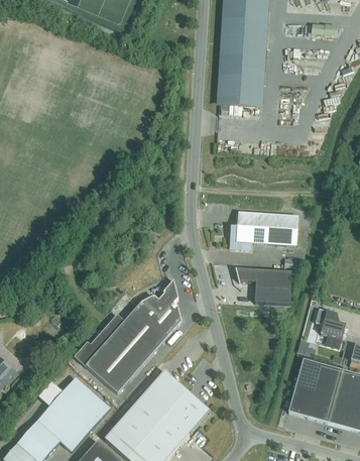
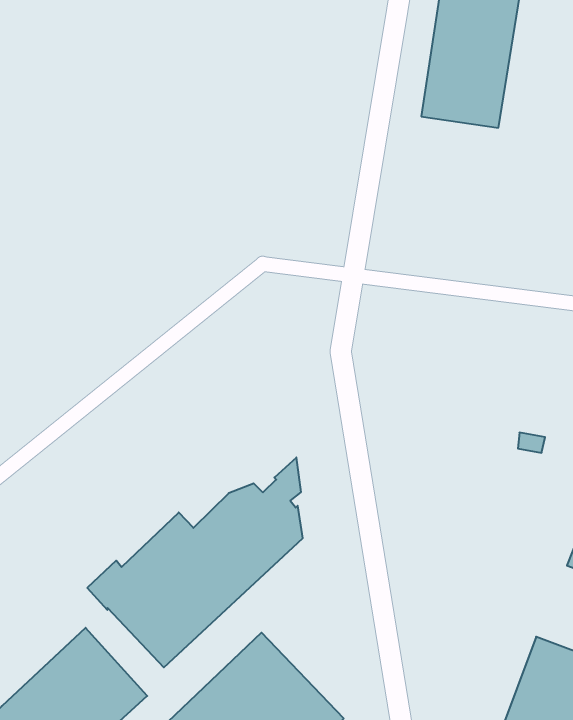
building: [231,211,298,248] -> none
building: [235,267,291,304] -> none

